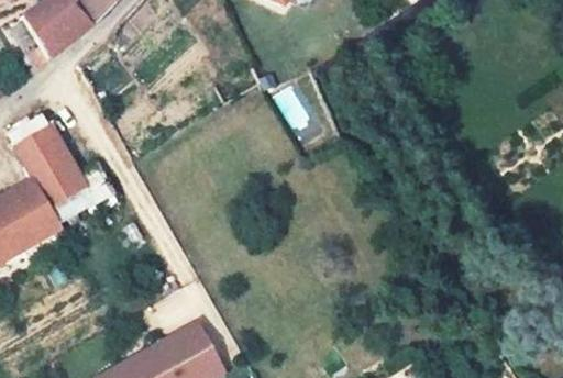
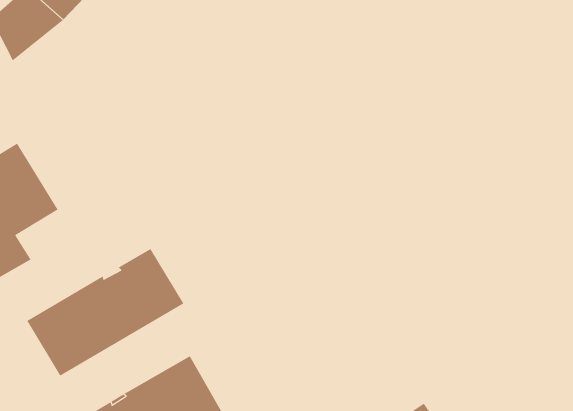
building: none -> [27,248,184,376]

